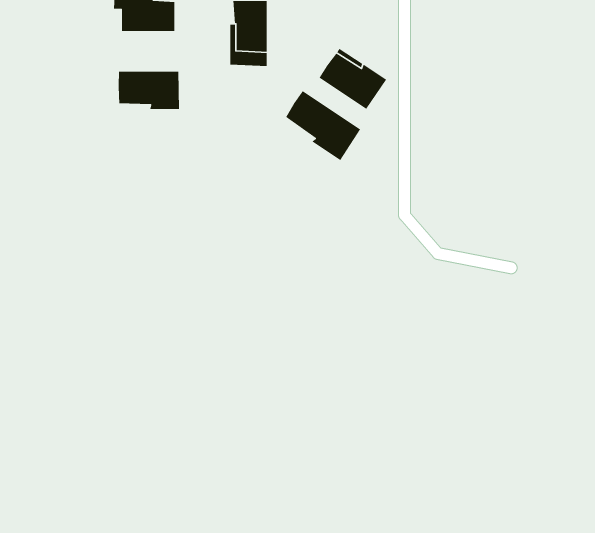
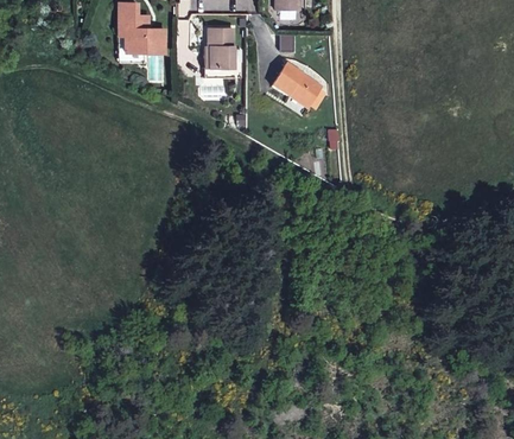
building: [118,71,180,110] -> none
building: [285,90,361,161] -> none

